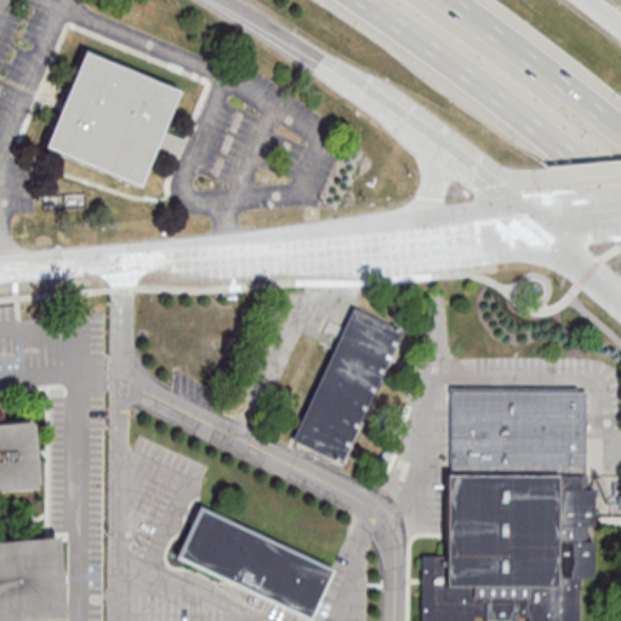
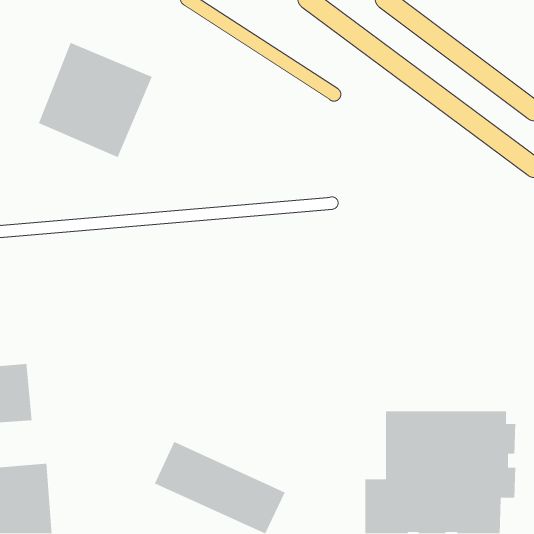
building: [294,310,404,467] -> none
building: [451,391,587,475] -> none

